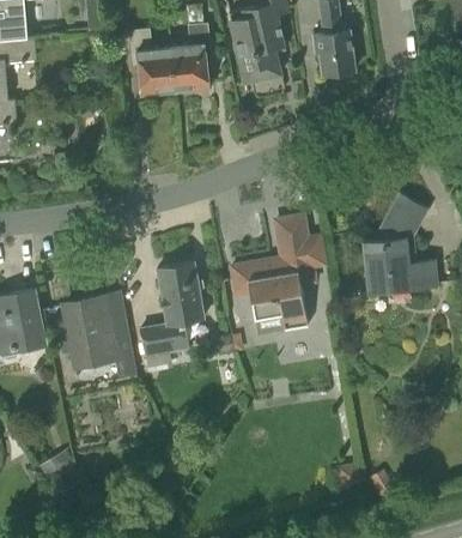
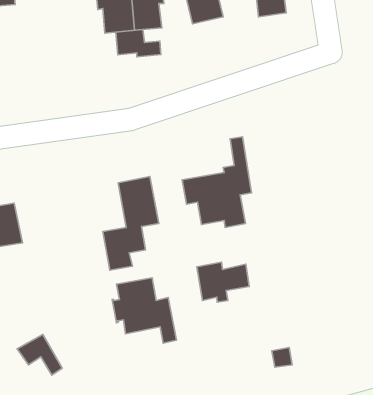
building: none -> [116,29,161,57]
building: [364,193,437,294] -> none
building: [60,298,135,375] -> [112,278,176,343]
building: none -> [197,262,249,302]

